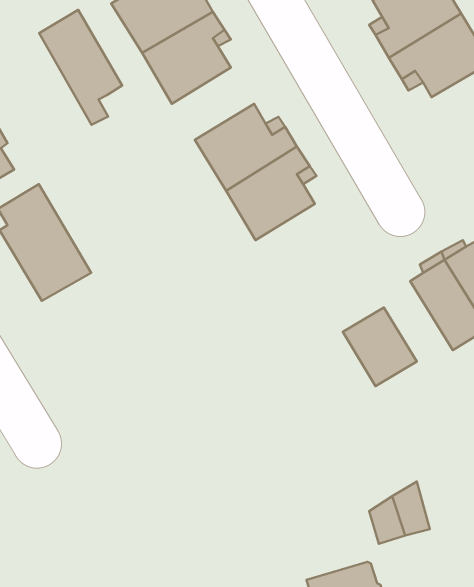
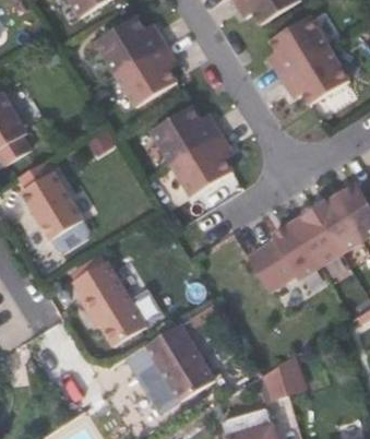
building: [39,10,122,125] -> none
building: none -> [273,224,321,282]
building: none -> [73,260,146,345]
building: none -> [144,322,214,402]

